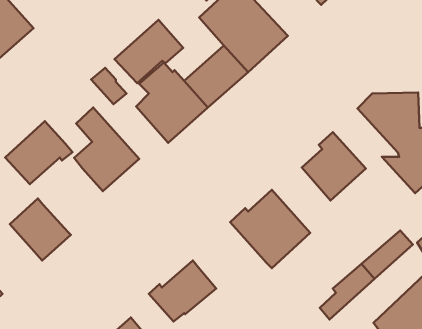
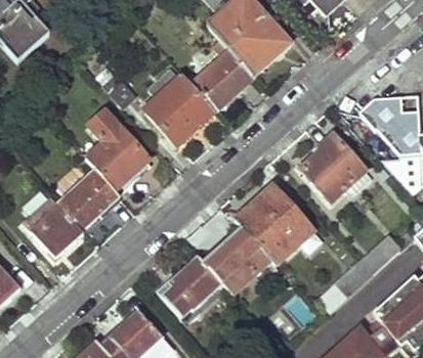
building: [114,20,183,83] -> none
building: [5,121,73,184] -> [56,168,121,228]
building: none -> [205,228,270,293]

